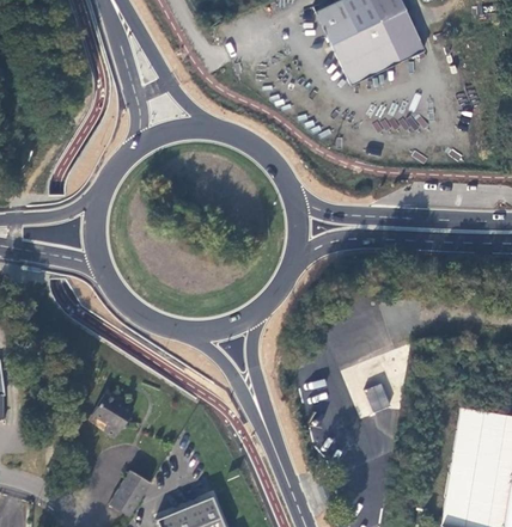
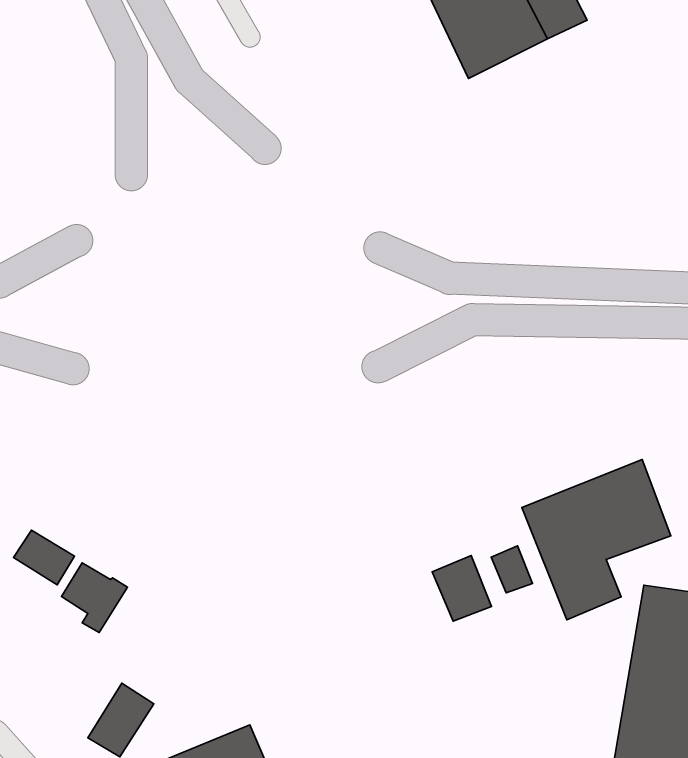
building: none -> [522,460,671,620]
building: none -> [14,530,75,585]
building: none -> [432,555,492,621]

